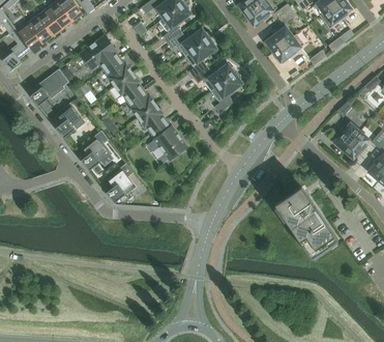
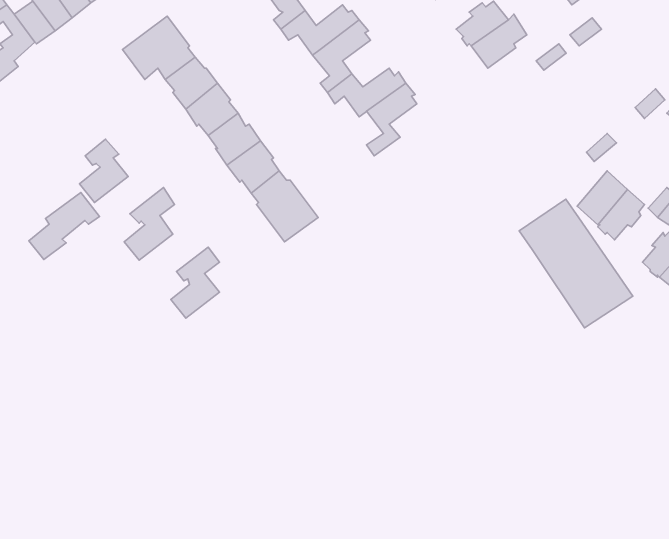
building: [30,68,69,106] -> [29,192,100,260]
building: [275,186,338,257] -> [519,199,633,328]

